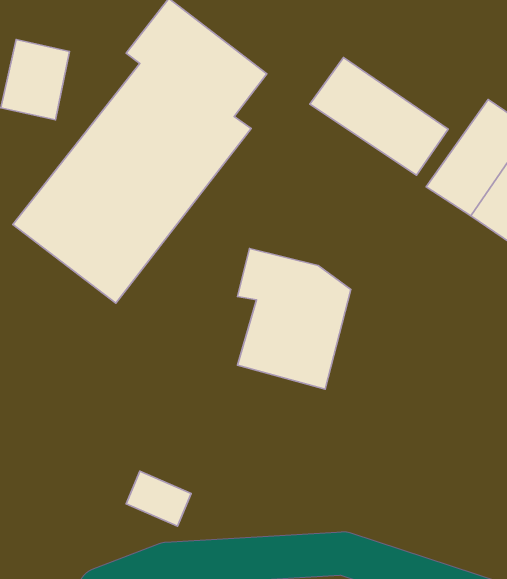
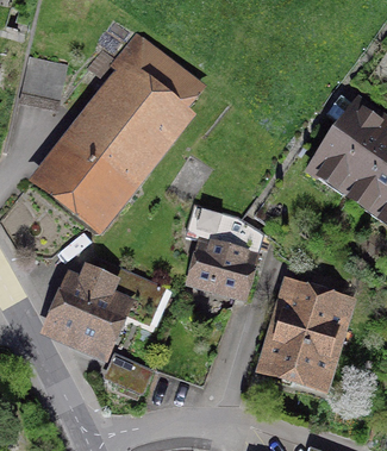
building: [310,57,448,175] -> none
building: none -> [42,270,131,362]
building: none -> [250,278,354,396]

